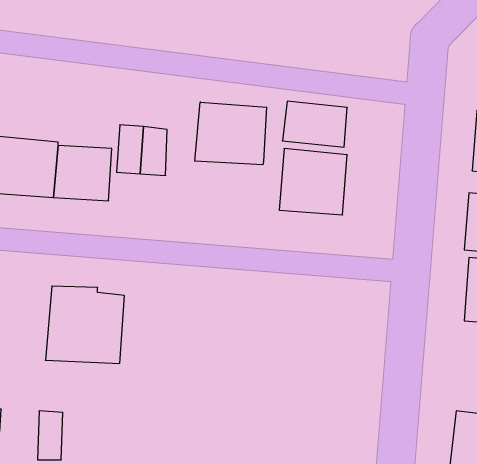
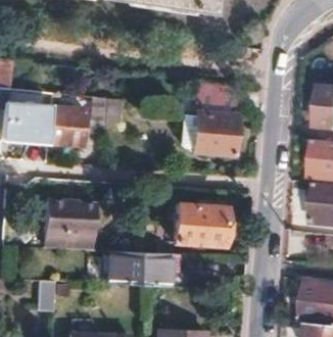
building: [195,102,267,165] -> none
building: none -> [172,202,225,244]
building: none -> [104,250,170,286]

